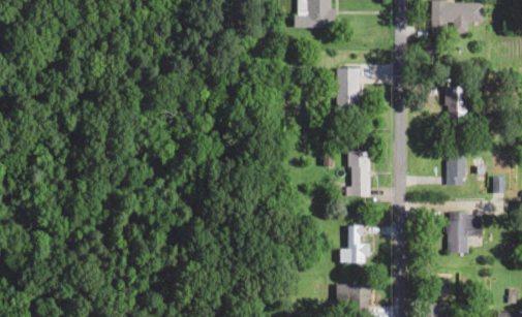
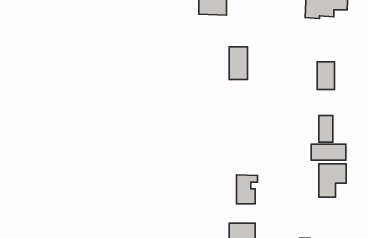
building: [348,152,369,196] -> none
building: none -> [311,144,346,160]

